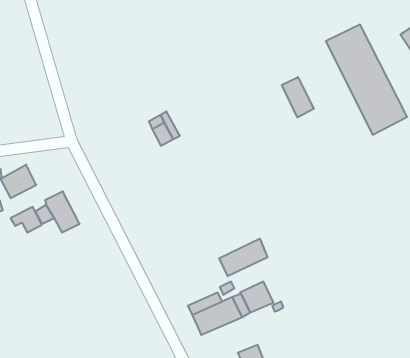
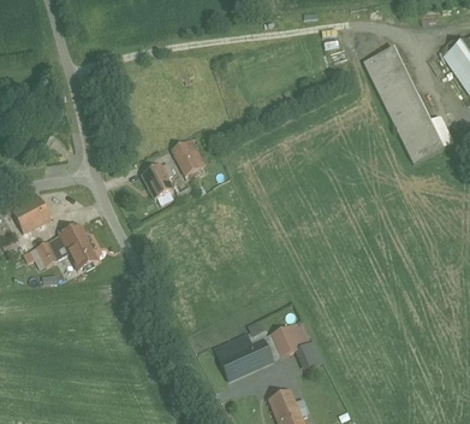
building: [282,77,314,117] -> none
building: none -> [142,164,173,199]
building: [219,239,267,276] -> none

